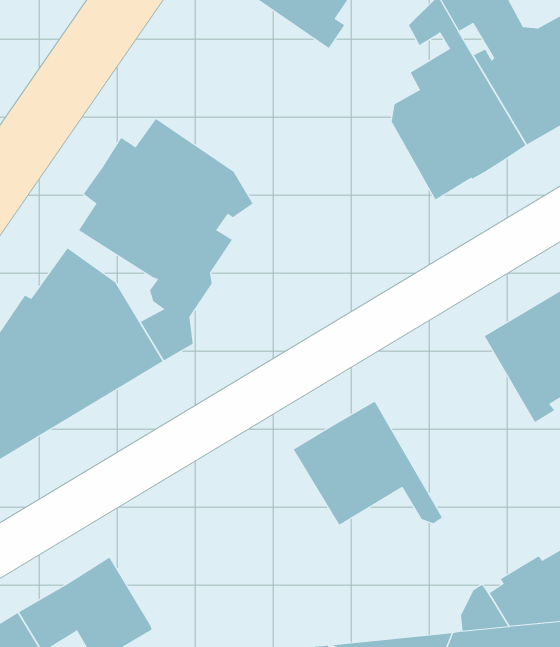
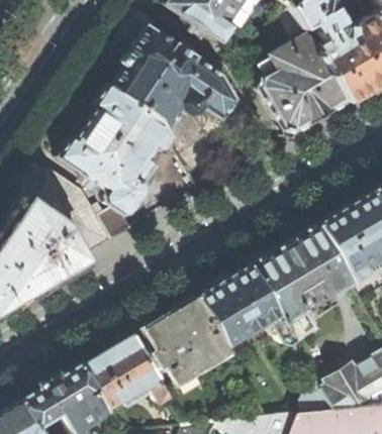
building: none -> [106,27,241,154]
building: none -> [254,225,356,341]
building: none -> [149,298,235,386]
building: none -> [84,336,173,410]

